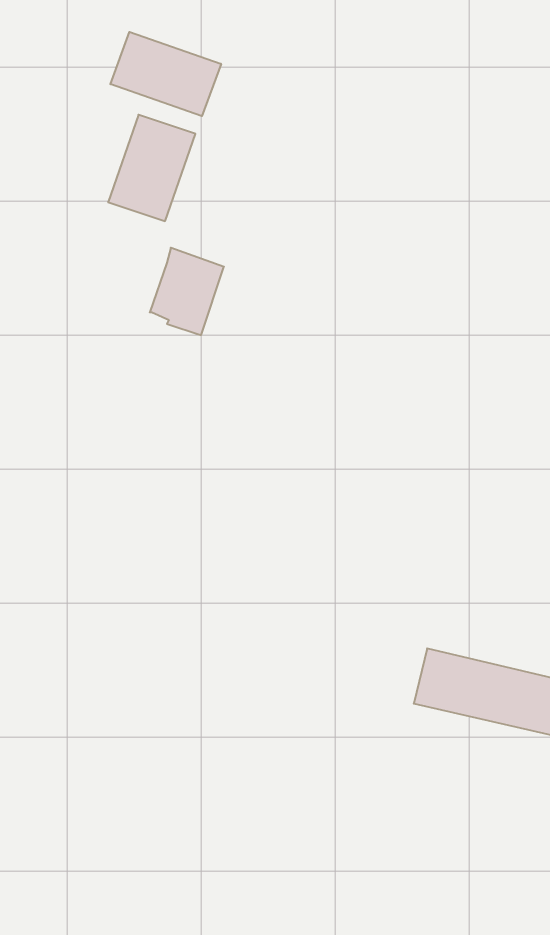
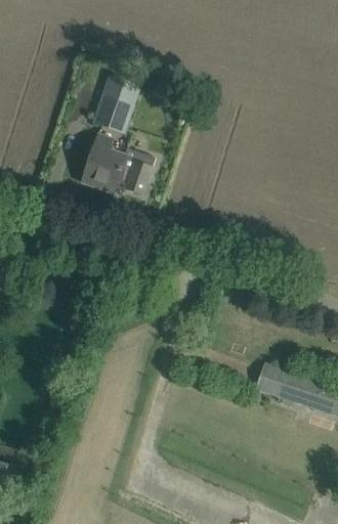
building: [110,32,221,116] -> none
building: none -> [83,135,123,192]

